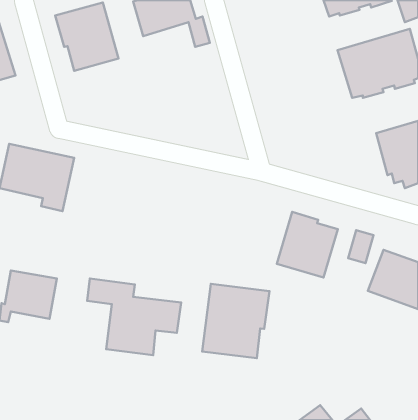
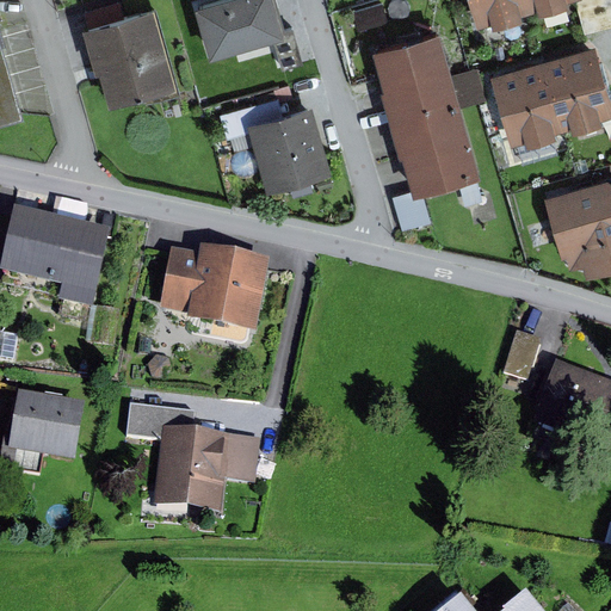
building: none -> [371,26,479,190]
building: none -> [221,94,329,185]
building: none -> [162,247,267,333]
building: [277,212,338,277] -> none
building: [202,284,270,358] -> none

